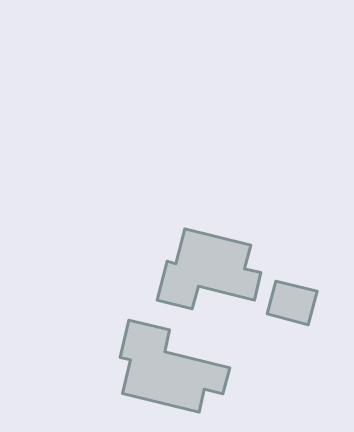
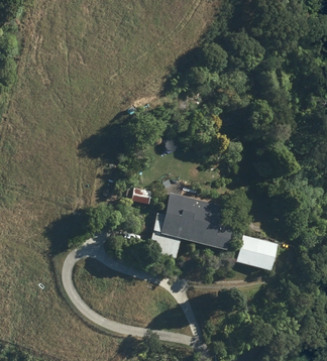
building: [120,320,230,412] -> none

